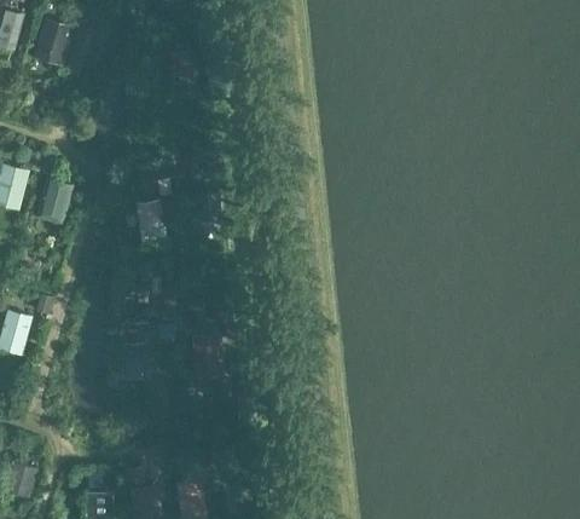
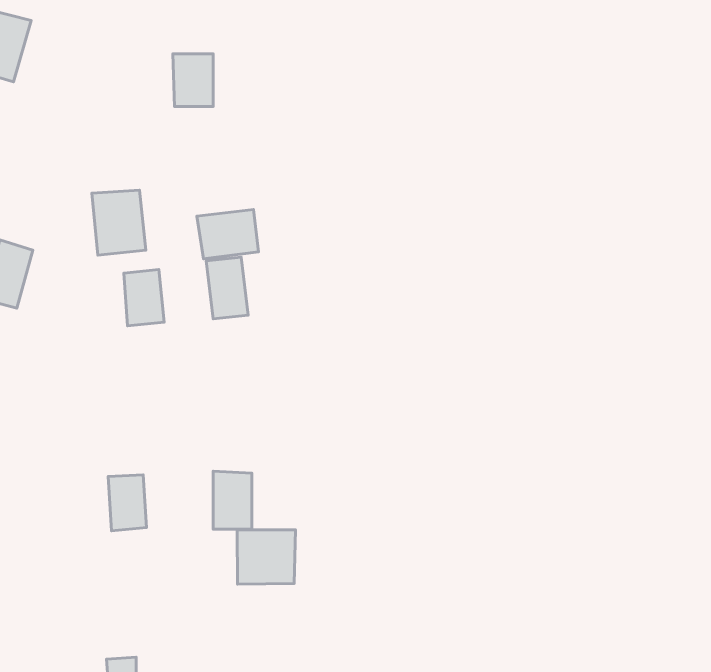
building: none -> [92,190,146,255]
building: none -> [197,209,259,259]
building: none -> [237,530,295,584]

